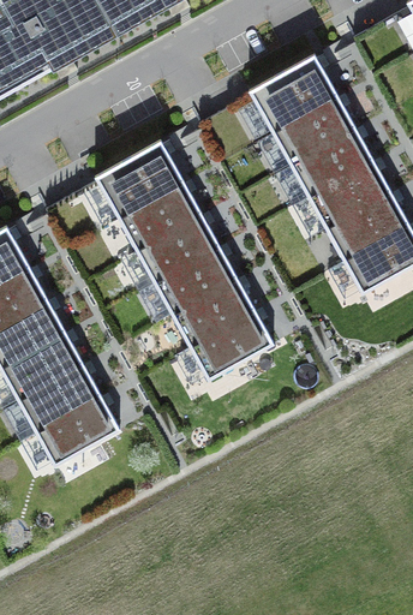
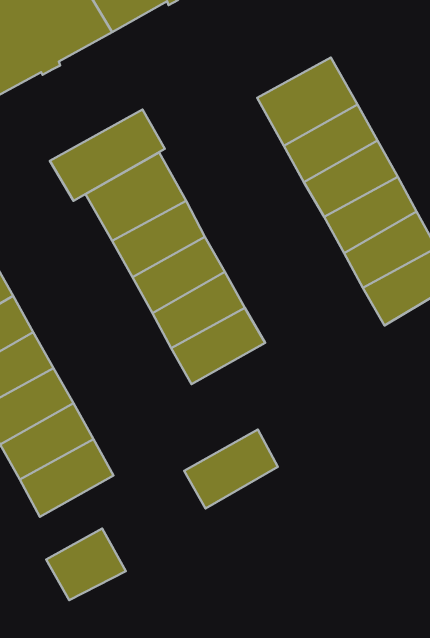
building: none -> [50,109,165,201]
building: [187,309,271,380] -> [184,429,278,508]
building: none -> [46,528,126,600]

